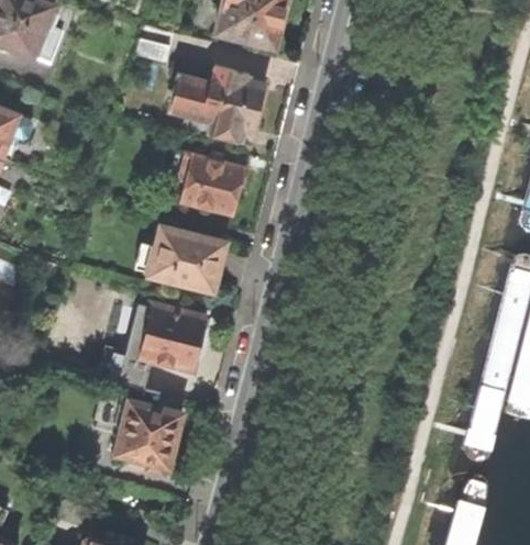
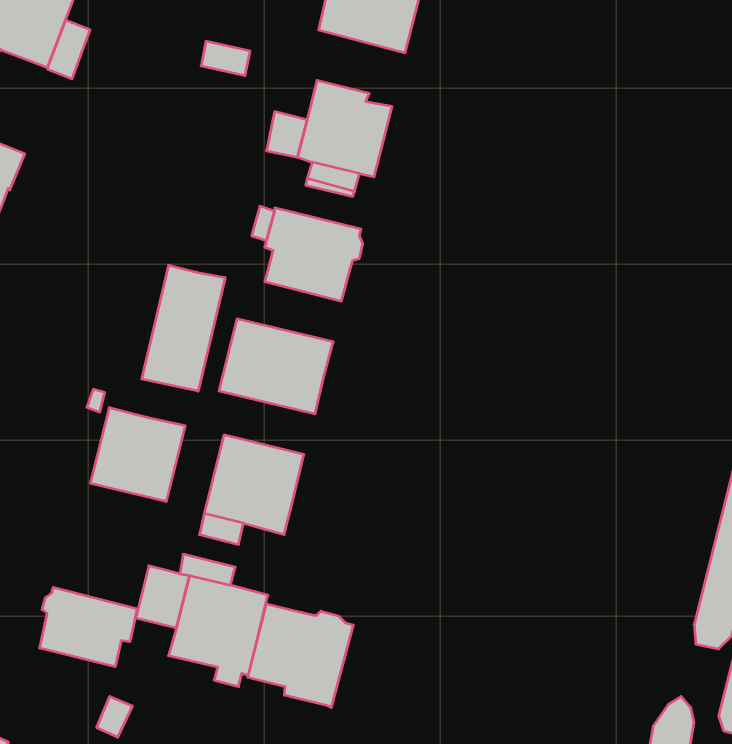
building: none -> [142,265,225,391]
building: none -> [90,407,185,502]
building: none -> [40,587,138,667]
building: none -> [248,604,353,708]

